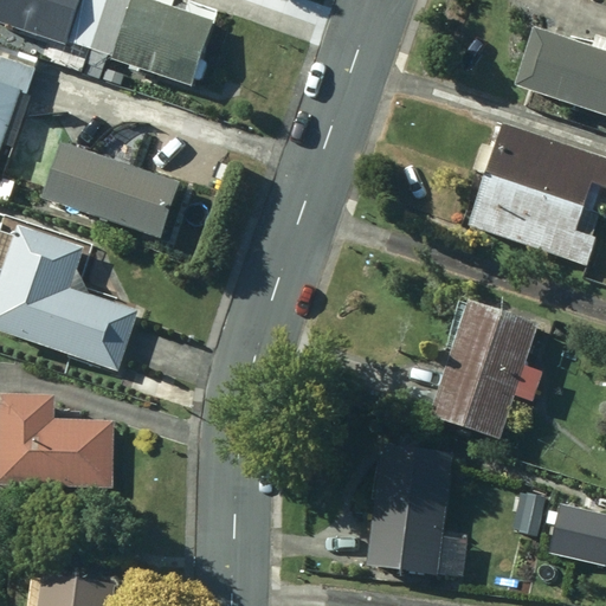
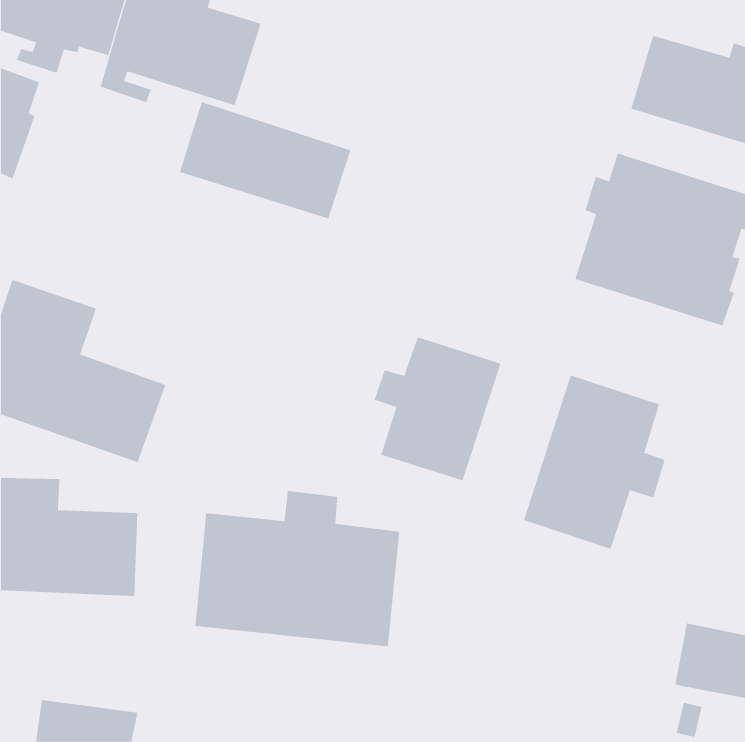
building: [40,142,179,237] -> [179,102,351,219]
building: none -> [374,337,501,481]
building: none -> [195,490,400,647]
building: [348,446,451,576] -> none

